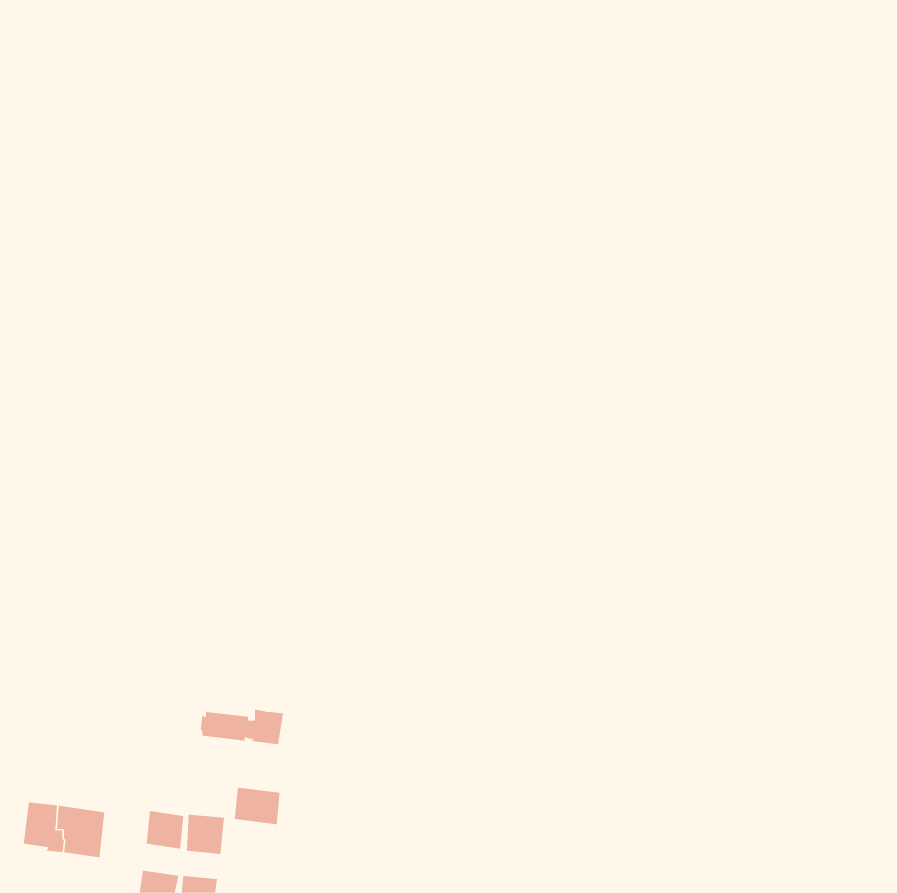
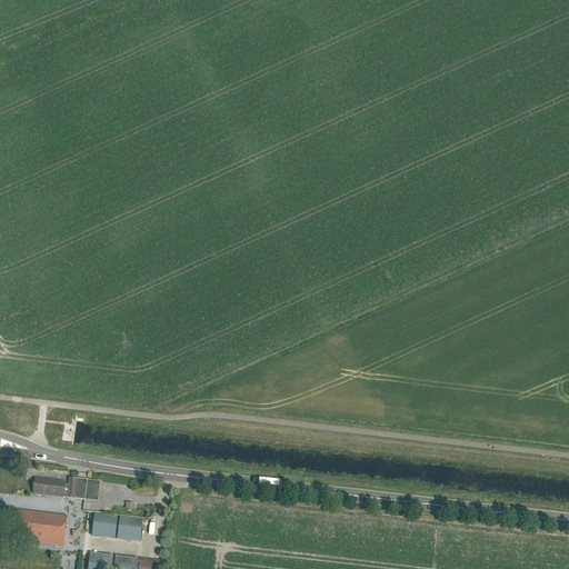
building: [200,710,284,745] -> [33,477,87,499]
building: [234,787,280,825] -> none

